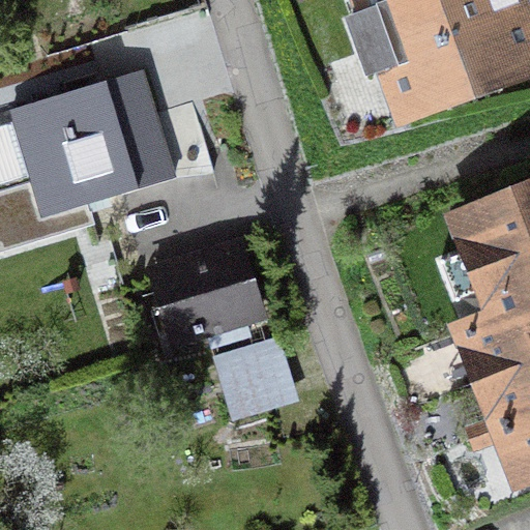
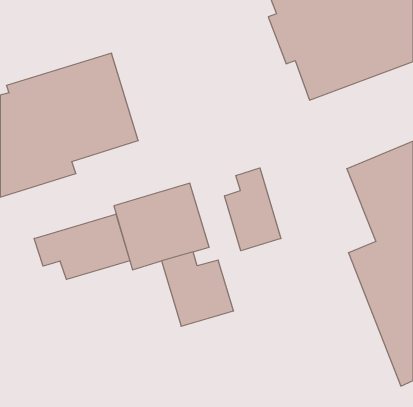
building: none -> [225,168,281,251]
building: none -> [34,214,130,279]

